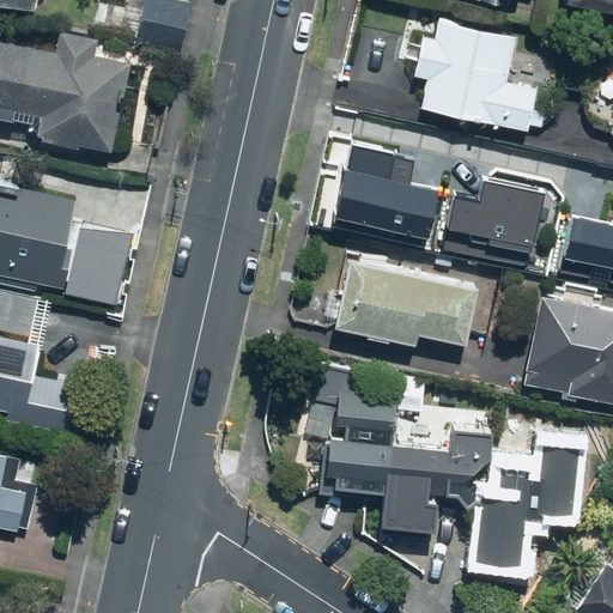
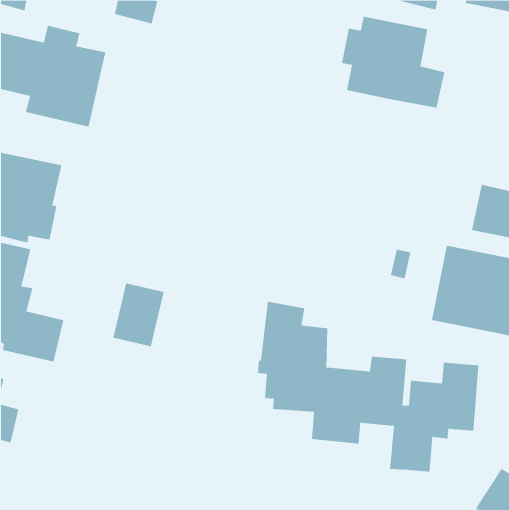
building: [333,142,451,253] -> none
building: [448,181,551,272] -> none
building: [65,227,127,304] -> [113,283,165,347]
building: [329,257,474,347] -> none

